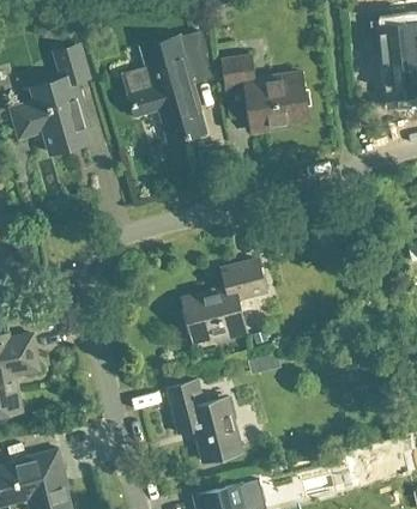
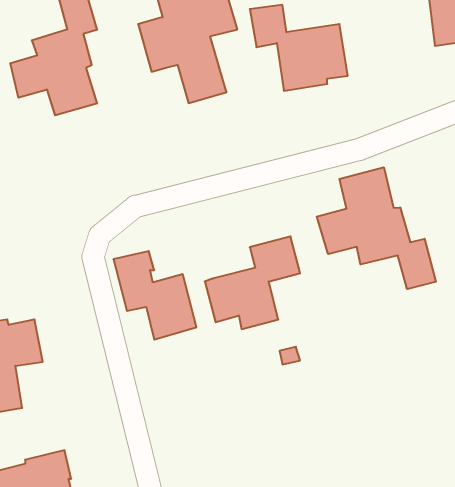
building: none -> [317,167,436,289]
building: [167,381,240,459] -> [113,251,196,340]

